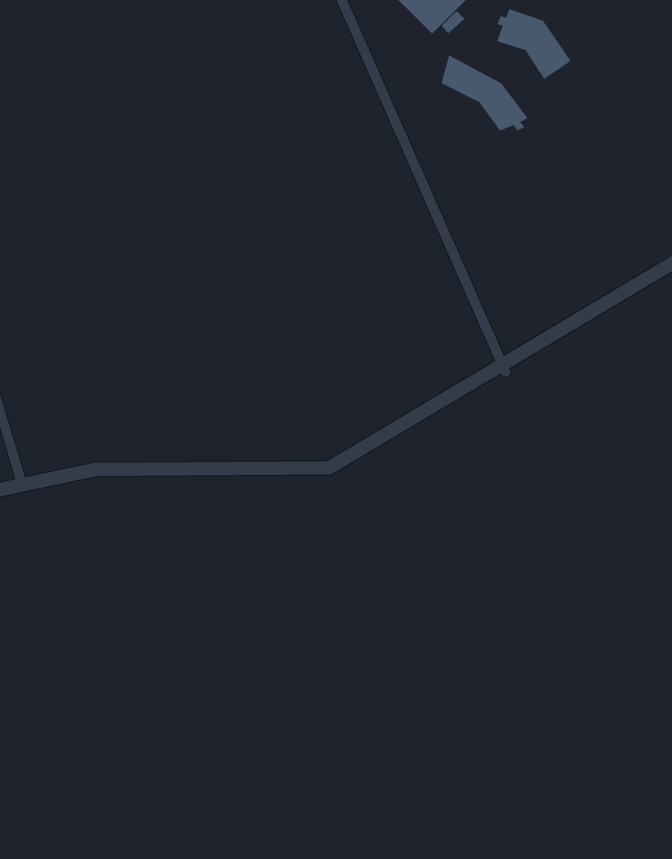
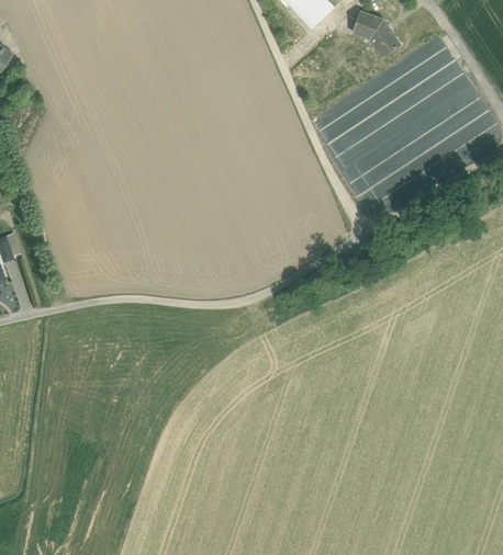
building: [441,55,529,131] -> none

